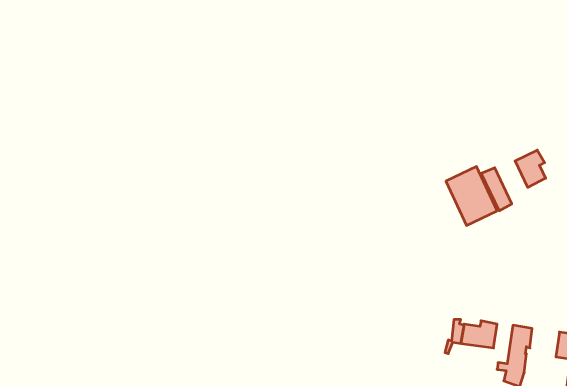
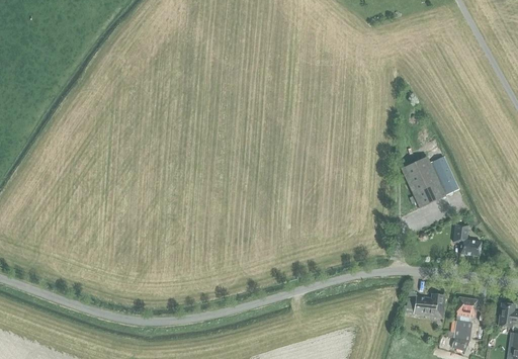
building: [515,150,546,187] -> none
building: none -> [454,223,482,255]

